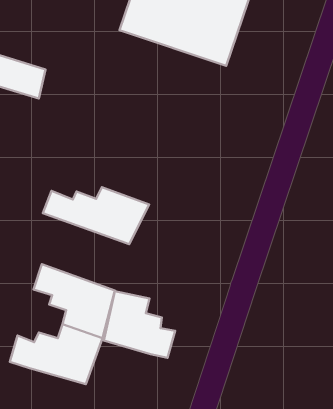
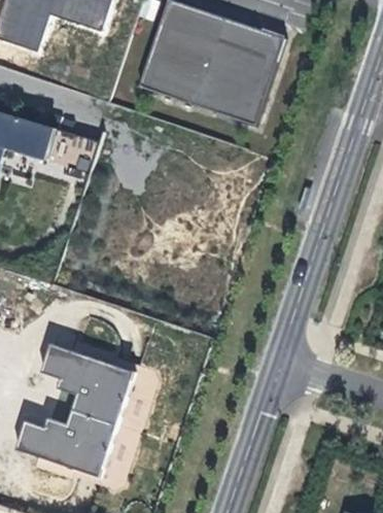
building: [43,187,149,244] -> none
building: [104,291,175,358] -> none

